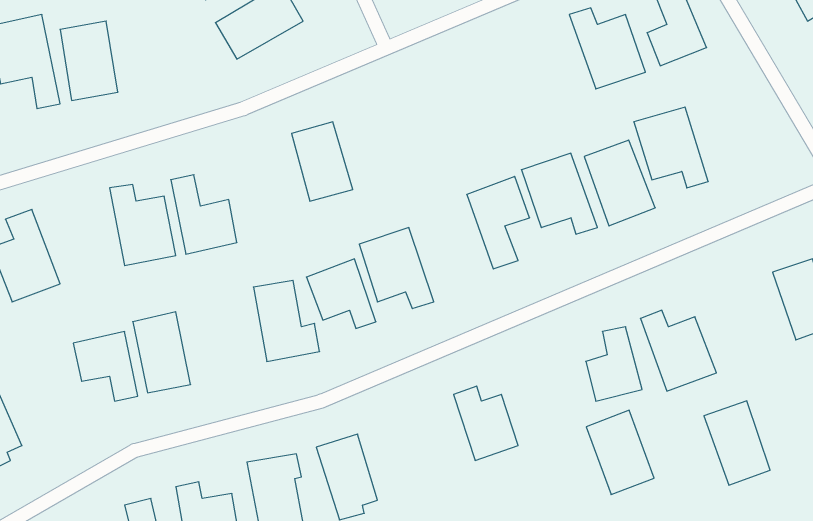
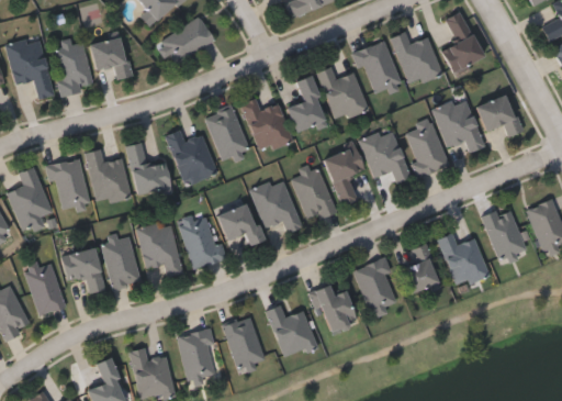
building: none -> [89,35,130,79]
building: none -> [355,40,401,96]
building: none -> [317,66,367,121]
building: none -> [288,75,327,132]
building: none -> [475,93,520,136]
building: none -> [241,98,291,153]
building: none -> [167,130,215,183]
building: none -> [48,158,88,210]
building: none -> [290,165,334,221]
building: none -> [136,222,182,276]
building: none -> [22,261,65,314]
building: [704,401,770,485] -> [482,208,526,264]
building: [586,410,654,495] -> [352,257,397,313]
building: none -> [266,304,316,357]

